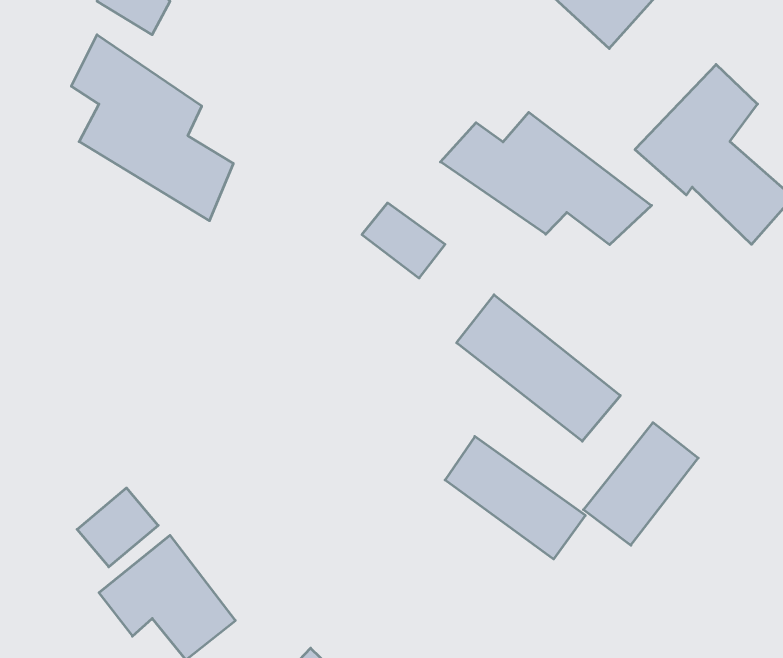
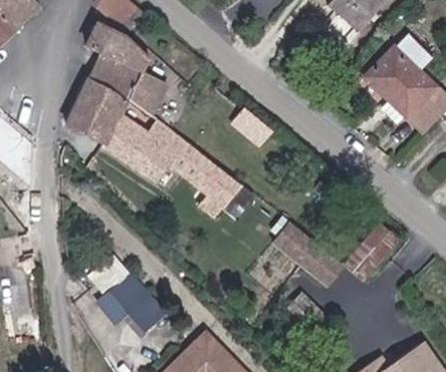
building: [440,112,652,245] -> none
building: none -> [64,75,242,218]
building: [457,295,620,441] -> none

